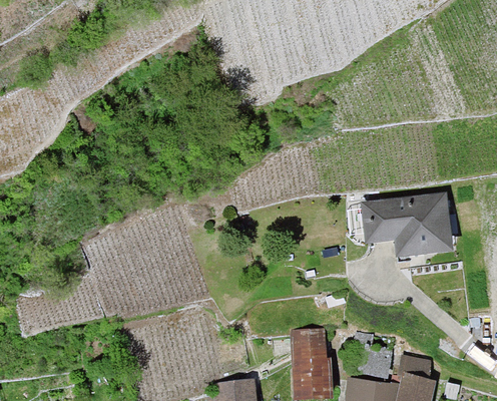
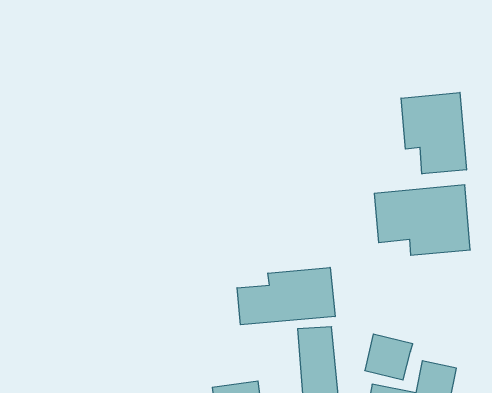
building: none -> [401,92,466,174]
building: none -> [237,267,335,325]

